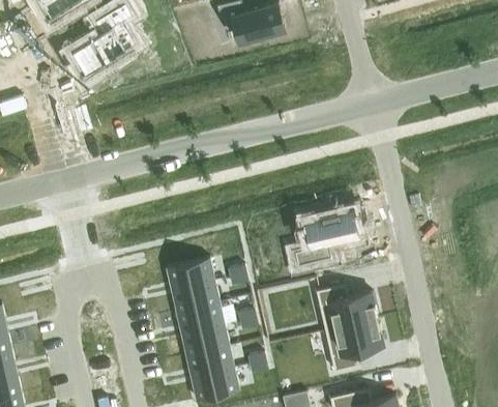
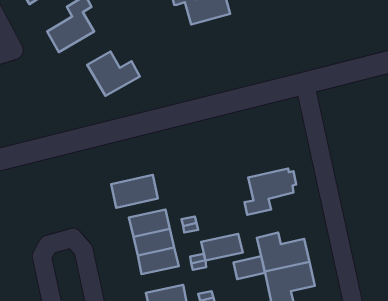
building: none -> [87,52,140,96]
building: none -> [111,175,158,208]
building: none -> [234,256,265,279]
building: [182,326,231,357] -> [201,234,243,260]

